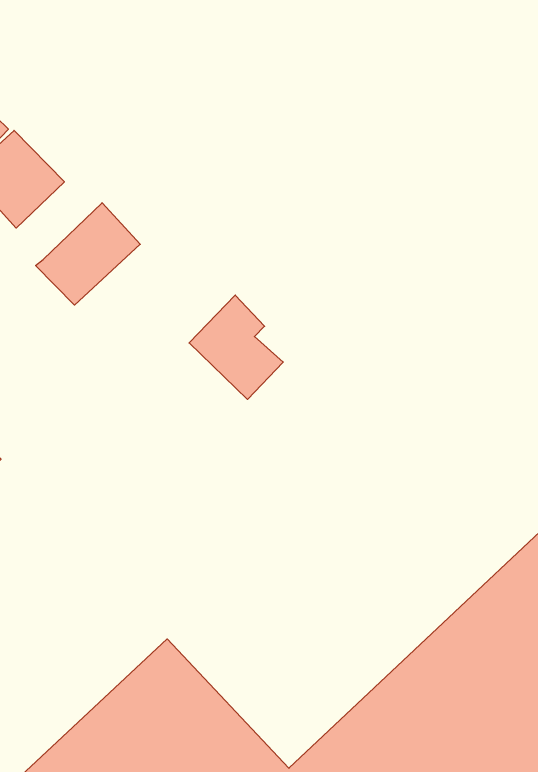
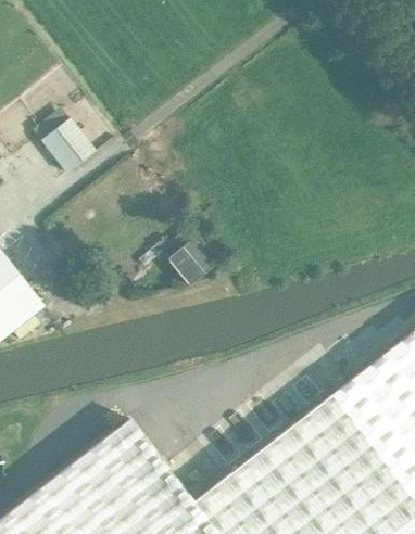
building: [36,203,140,305] -> none

